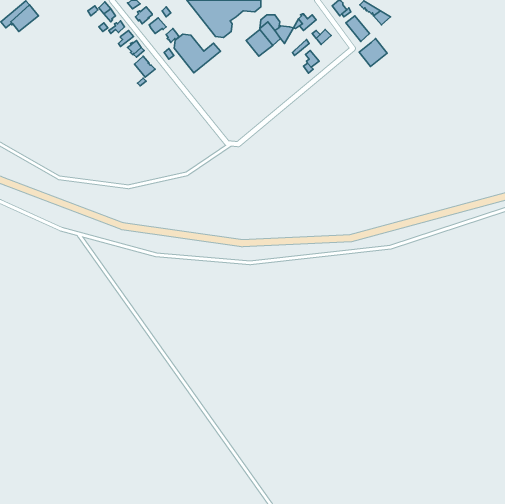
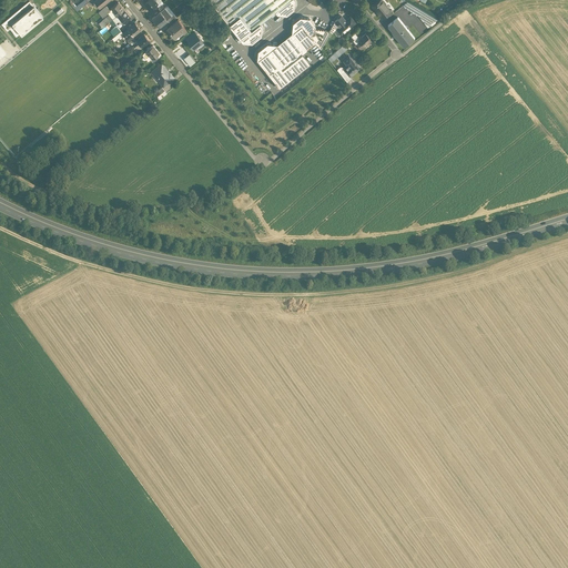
building: [174,34,220,73] -> [257,45,310,89]
building: [359,39,387,67] -> none

